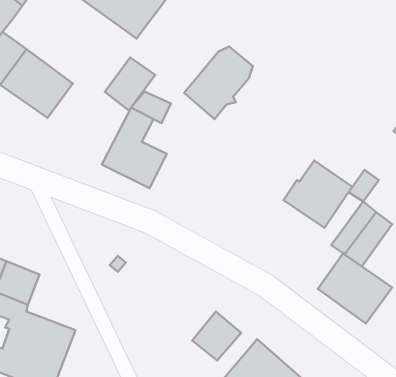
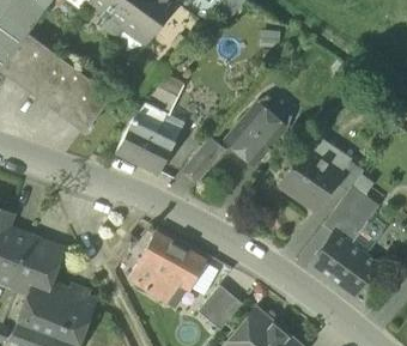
building: [184,46,253,119] -> [226,99,288,165]
building: [105,57,155,110] -> [67,79,113,127]
building: none -> [184,140,223,181]
building: none -> [129,235,205,303]

